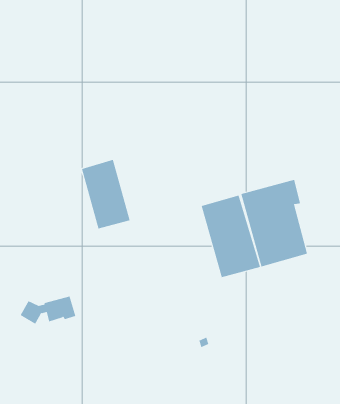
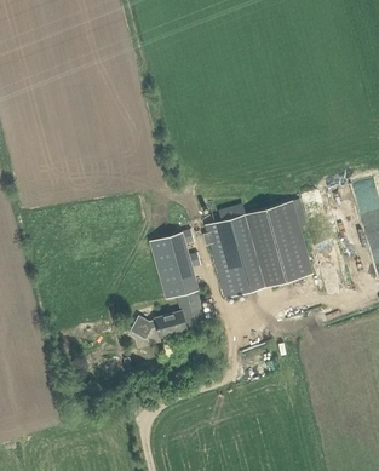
building: [81,159,130,229] -> [148,232,197,303]
building: [20,296,76,325] -> [131,311,188,340]

